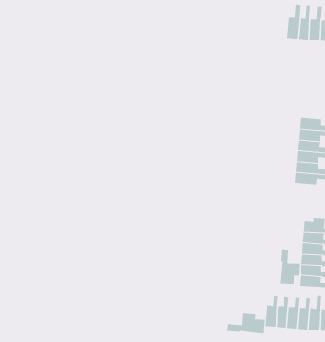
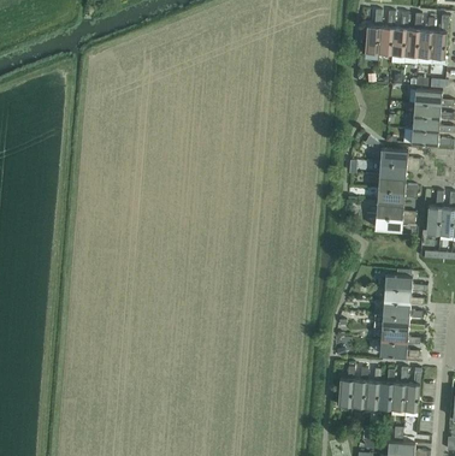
building: [280,249,300,285] -> none
building: [226,312,265,334] -> none

